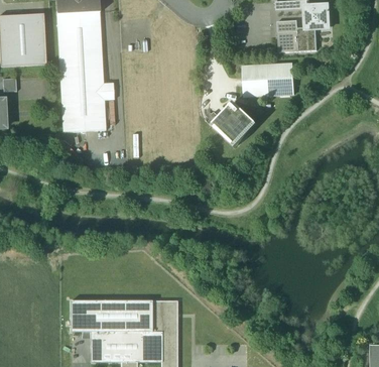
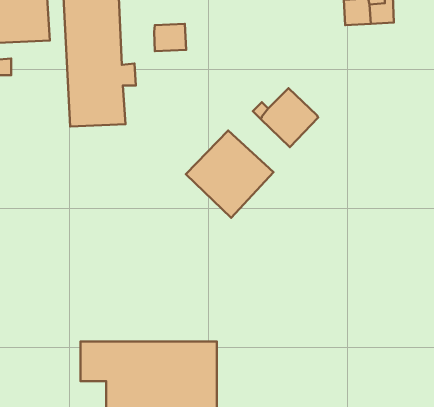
building: none -> [154,24,186,51]
building: [242,64,294,97] -> none
building: none -> [186,130,274,218]

